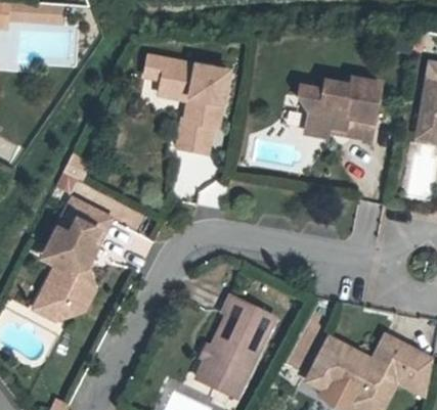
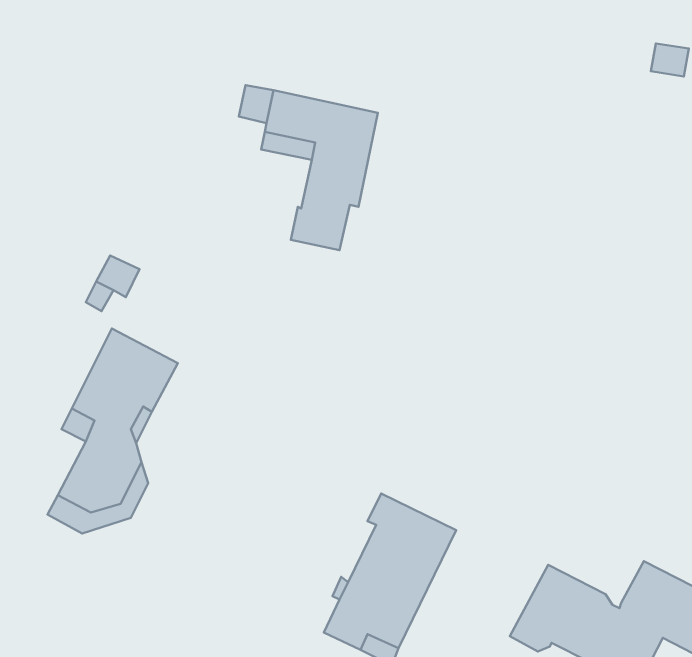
building: [298,78,380,137] -> none

